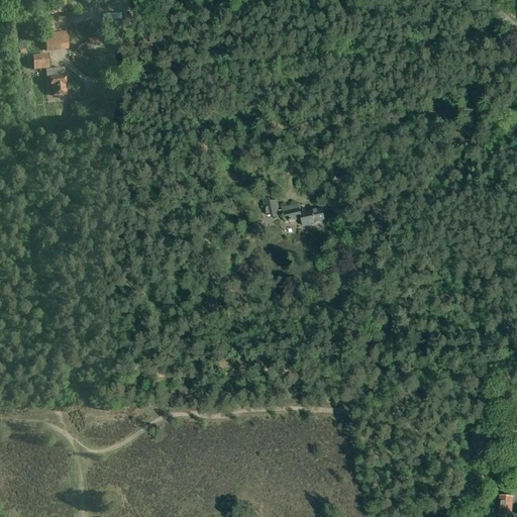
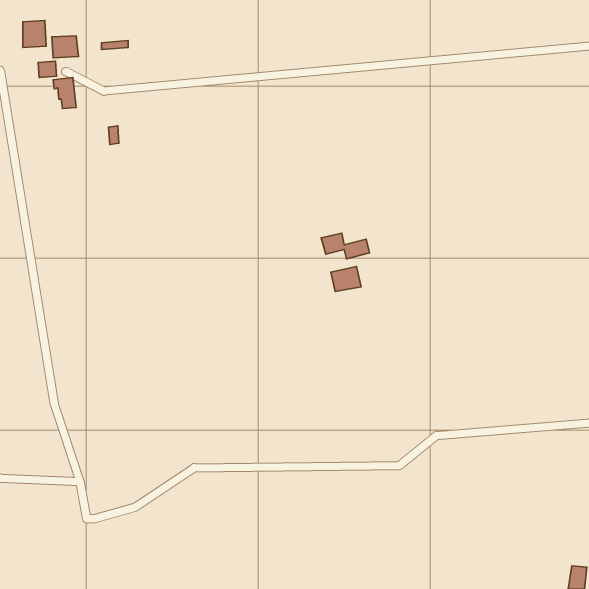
building: none -> [23,21,46,47]
building: none -> [331,266,361,292]

